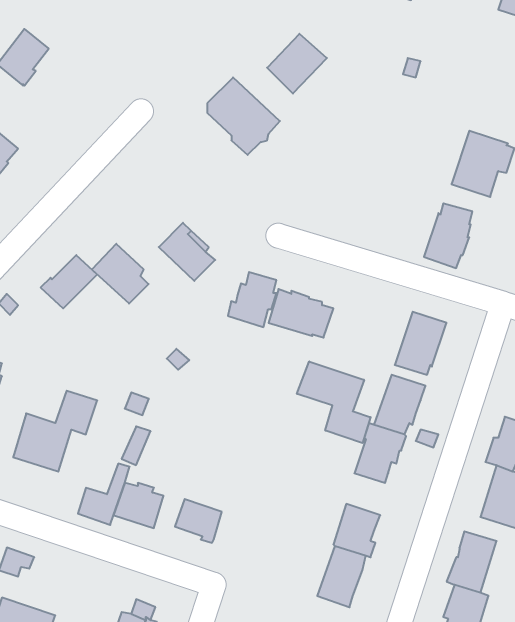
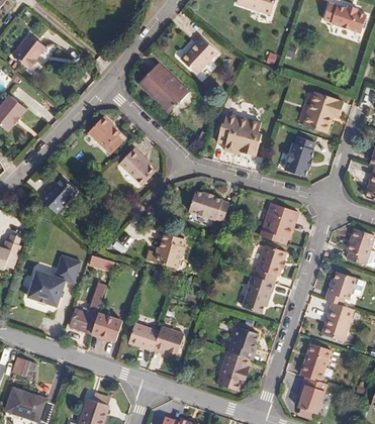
building: none -> [213,112,260,158]
building: [92,244,149,304] -> [85,119,120,156]
building: [228,272,276,327] -> [150,236,180,271]
building: [297,361,371,443] -> none
building: none -> [151,327,180,357]

